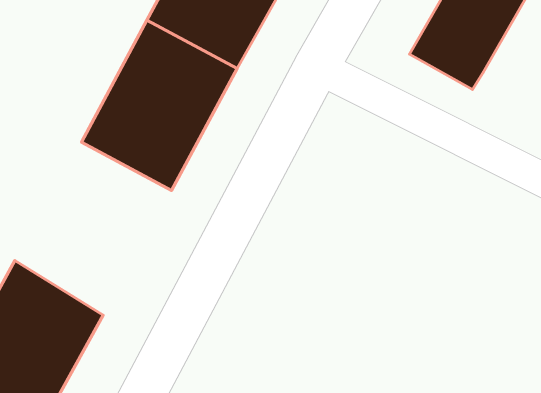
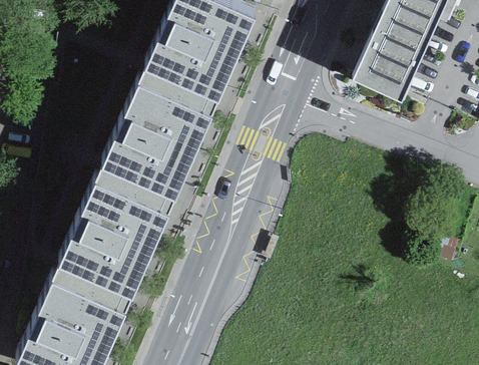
building: none -> [61,163,177,296]

